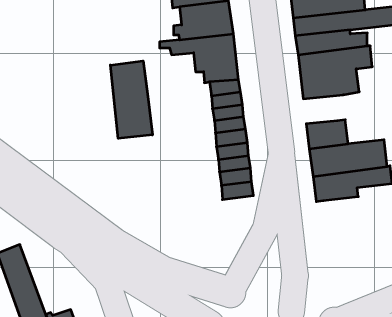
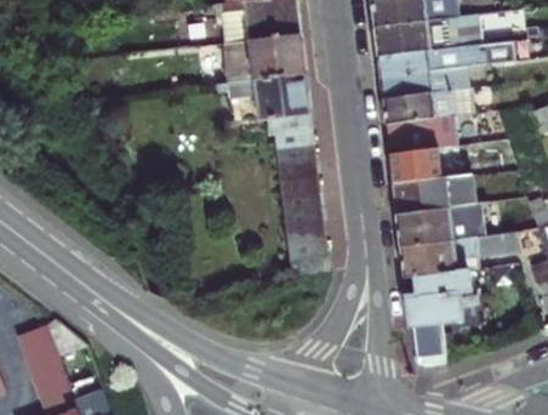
building: [110,61,152,138] -> none
building: none -> [389,144,441,180]
building: none -> [407,267,468,362]

